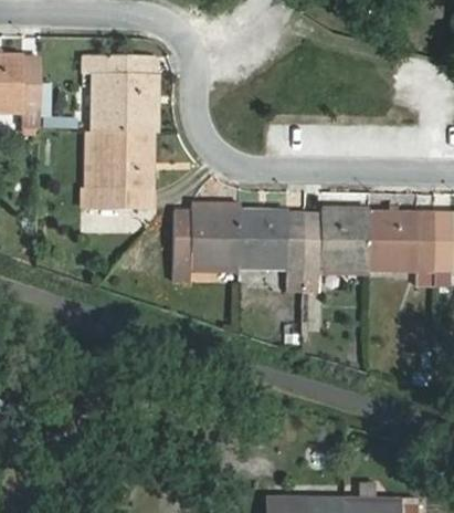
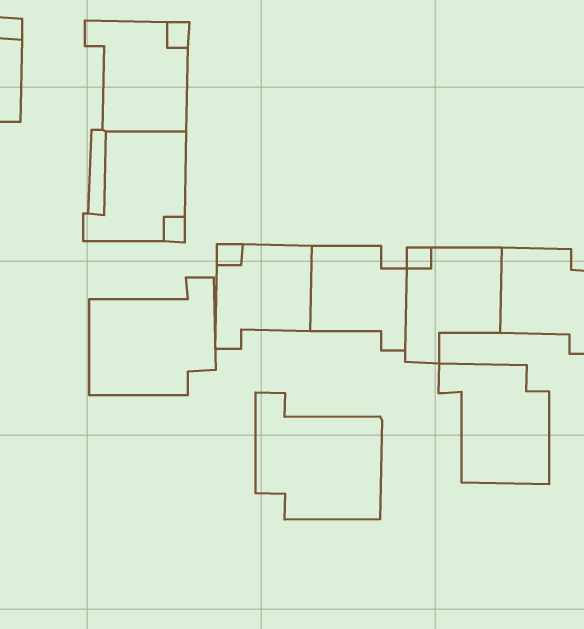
building: none -> [89,277,216,395]
building: none -> [439,363,549,484]
building: none -> [256,393,382,519]

